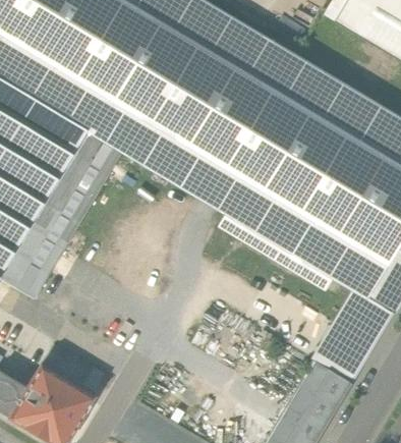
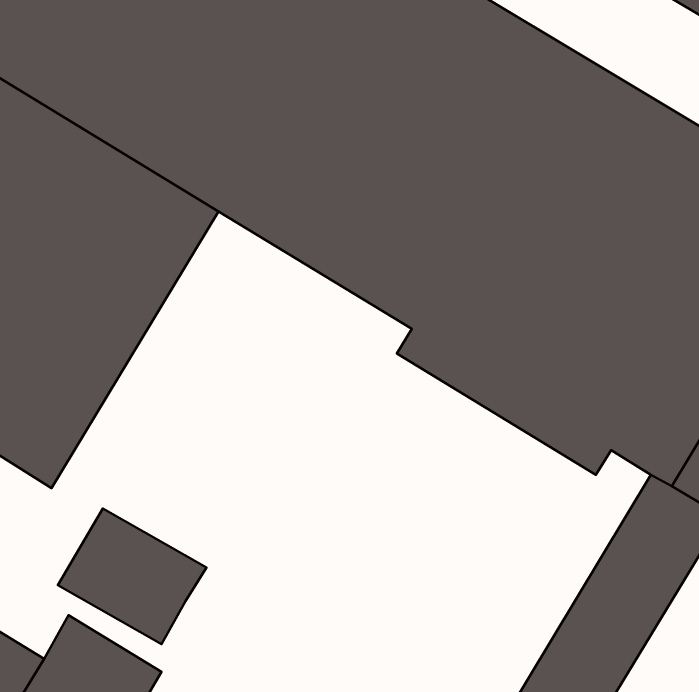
building: none -> [58,508,207,644]

